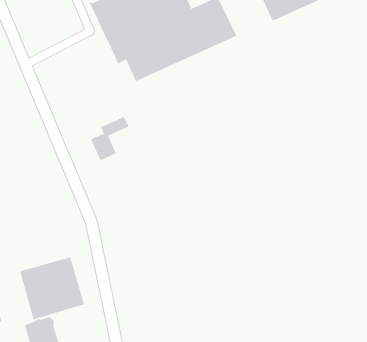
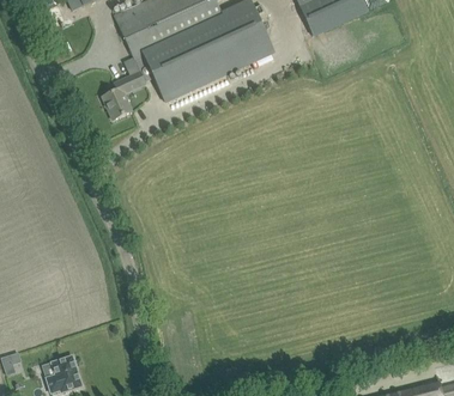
building: [90,116,129,161] -> [103,71,145,120]
building: [20,256,85,320] -> none

